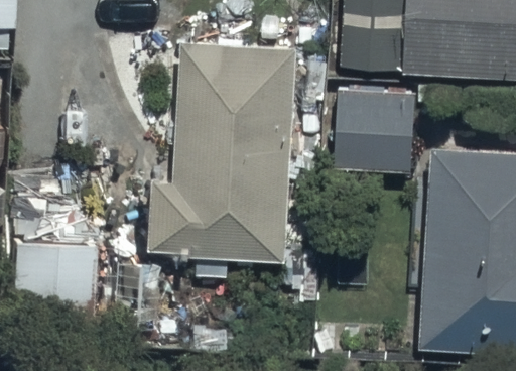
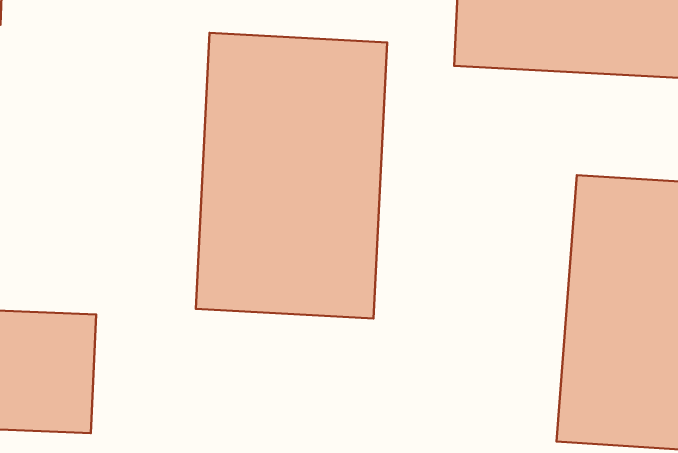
building: [334,99,413,182] -> none

